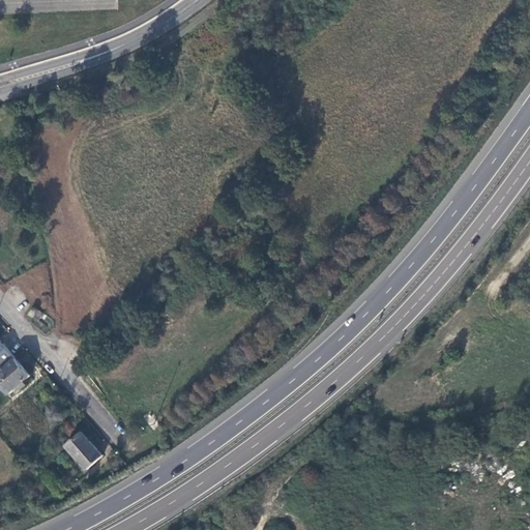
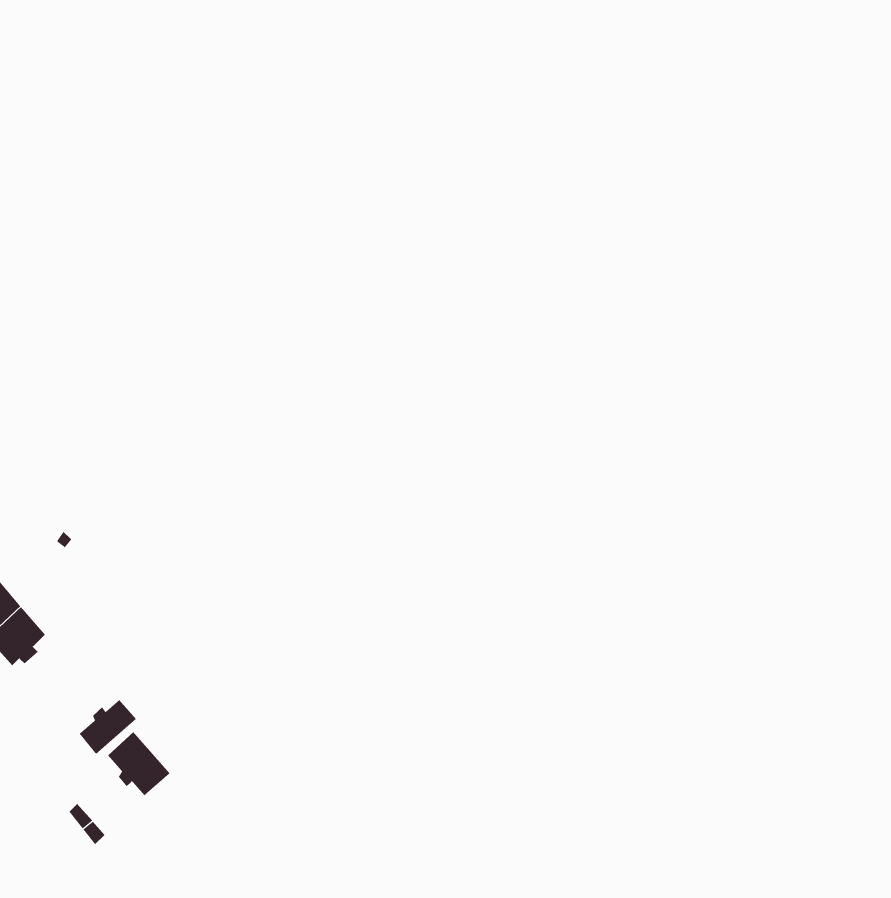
building: none -> [79,699,137,755]

